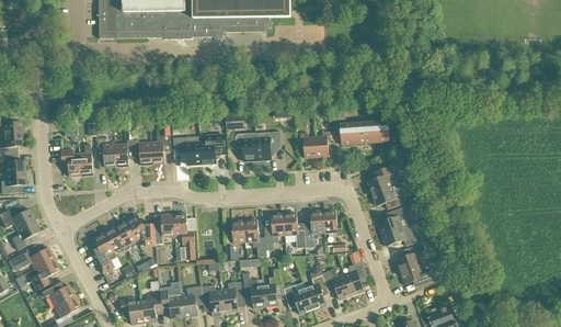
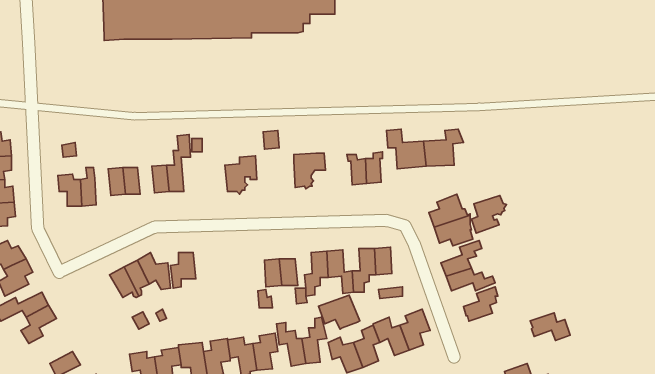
building: [233,133,256,161] -> none
building: [180,135,201,165] -> none
building: none -> [472,196,507,233]
building: [172,213,195,260] -> none
building: [92,233,119,272] -> none
building: none -> [319,295,360,329]
building: [400,264,433,287] -> [530,313,570,341]
building: [39,281,72,306] -> none

